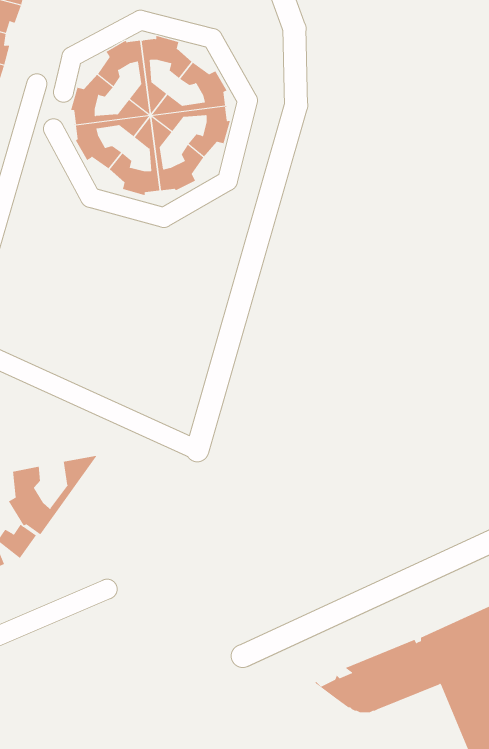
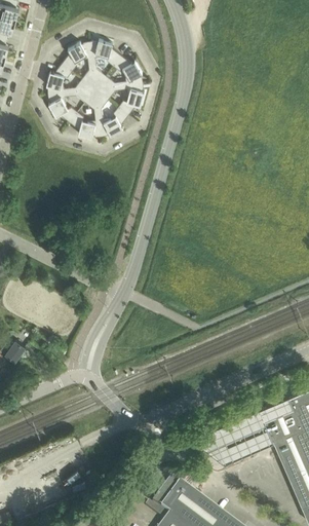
building: [8,455,98,537] -> none

